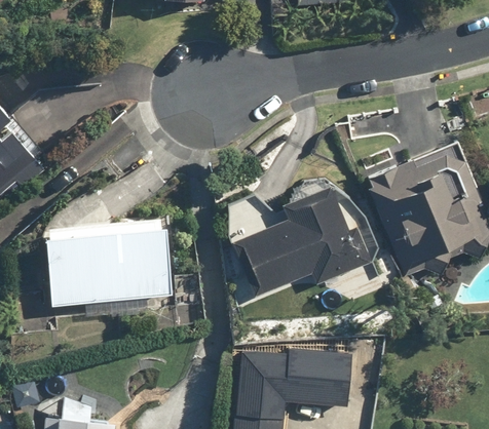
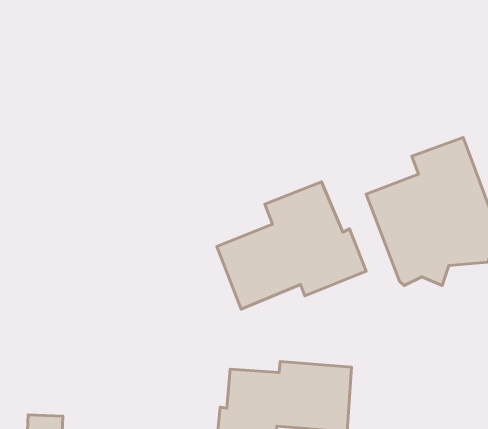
building: [48,219,168,314] -> none

